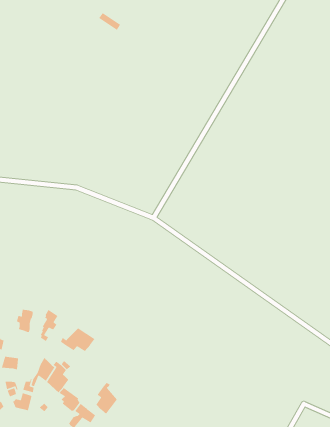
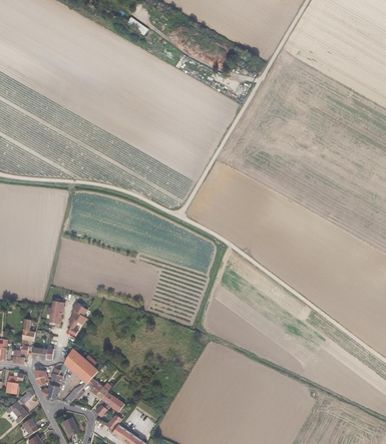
building: [60,328,95,352] -> none
building: [95,382,118,415] -> none

